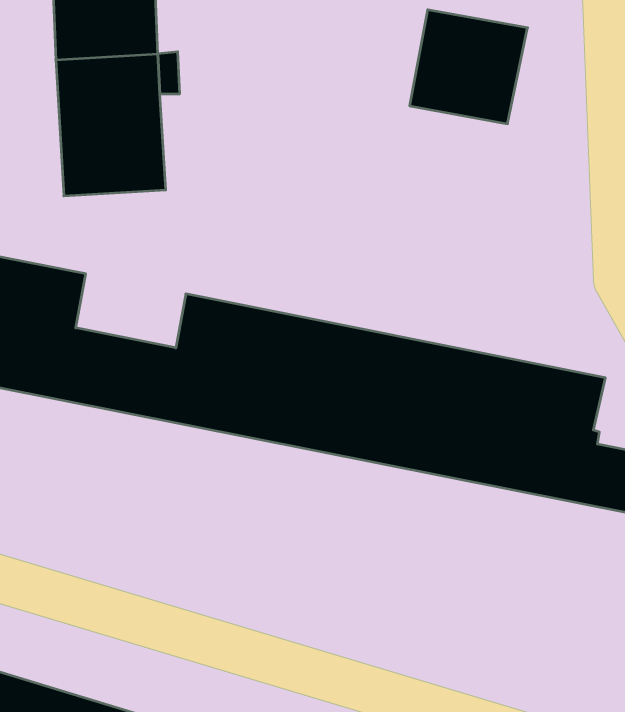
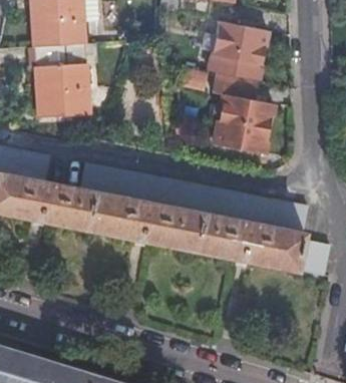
building: none -> [206,70,274,152]

